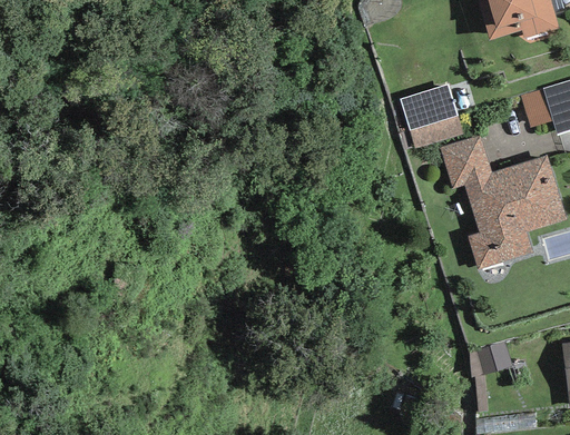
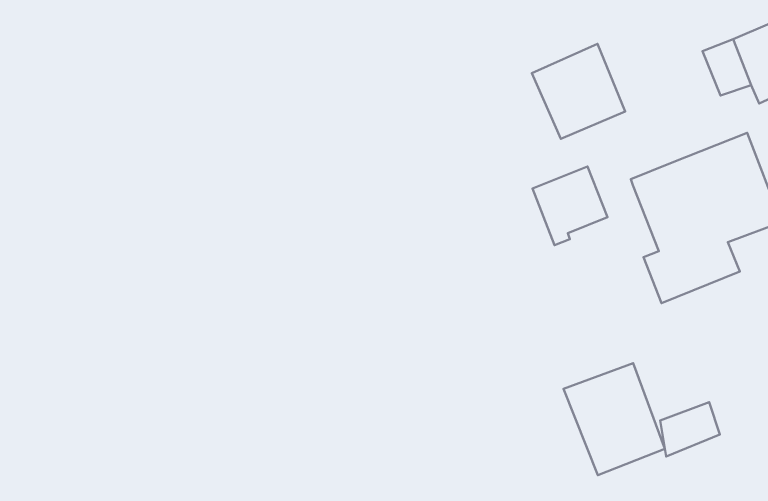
building: [440,135,491,188] -> [532,166,608,245]
building: none -> [564,363,665,475]

